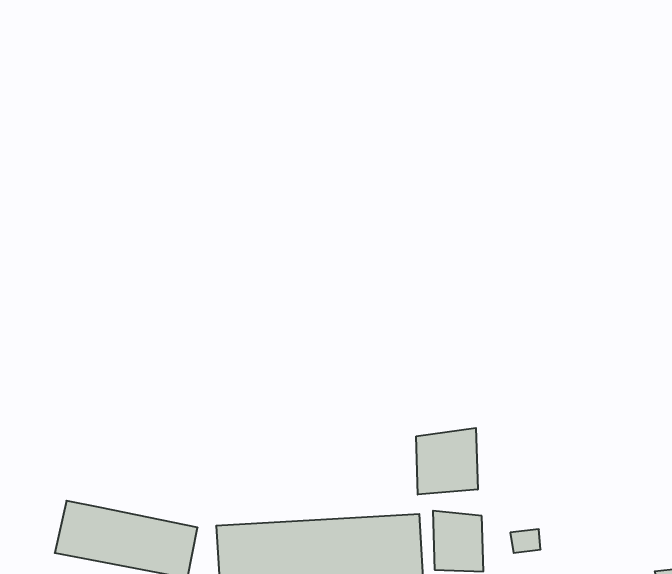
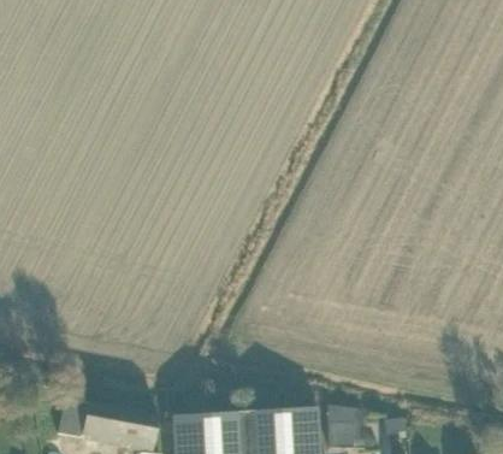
building: [416,428,478,495] -> none

